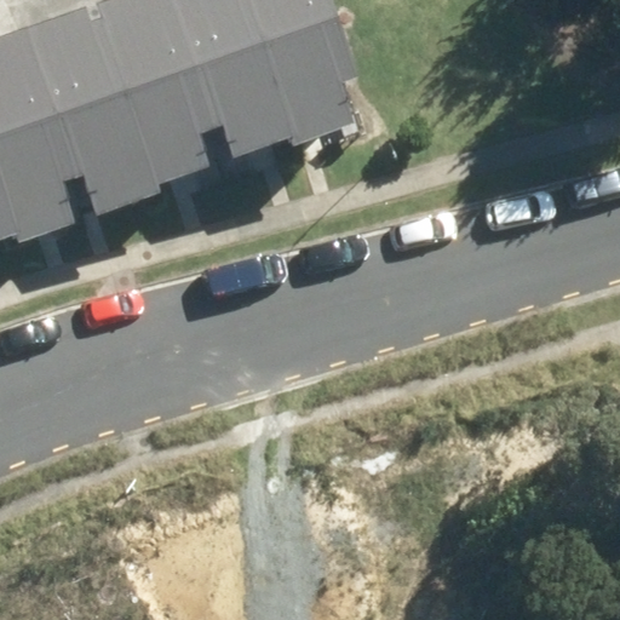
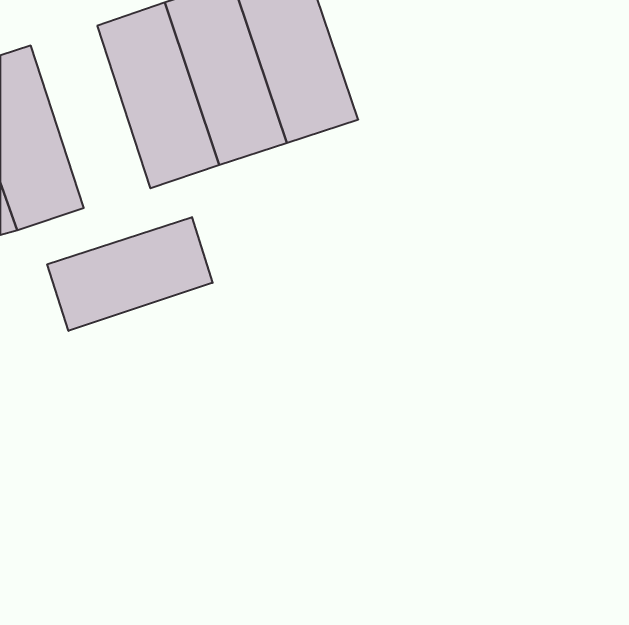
building: [30,25,148,205] -> none
building: none -> [47,217,213,331]

